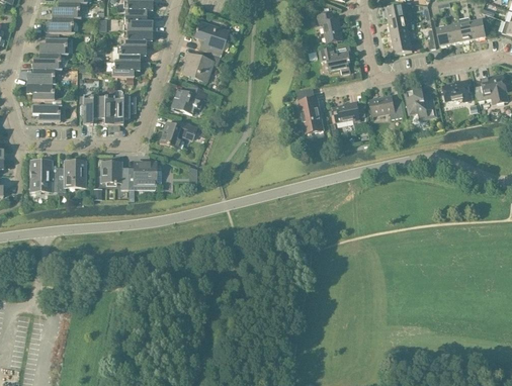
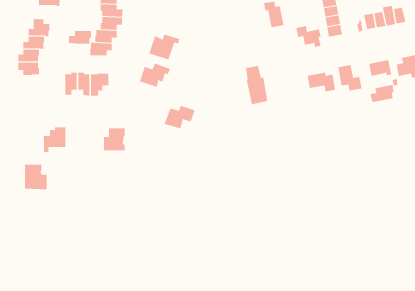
building: [45,16,73,32] -> [68,31,92,44]
building: [194,20,229,56] -> none
building: [320,46,350,73] -> [296,25,321,48]
building: [33,98,61,119] -> none
building: [333,101,365,121] -> none
building: none -> [370,84,394,103]
building: [159,118,196,147] -> [164,105,195,129]
building: [30,160,58,190] -> [24,164,47,190]
building: [101,161,129,188] -> none

